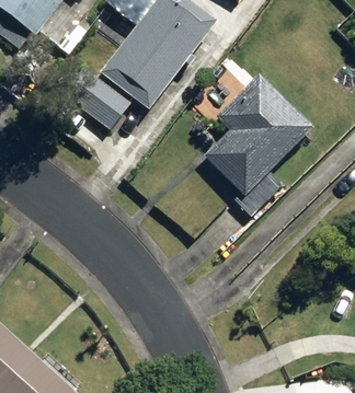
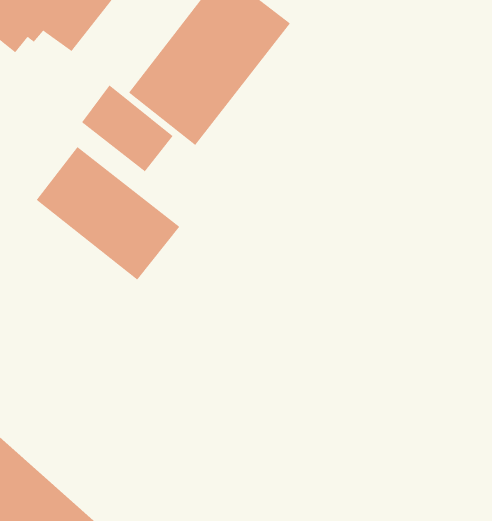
building: [202,73,310,196] -> none
building: none -> [36,146,180,281]

